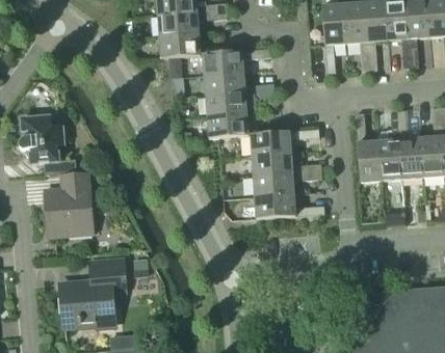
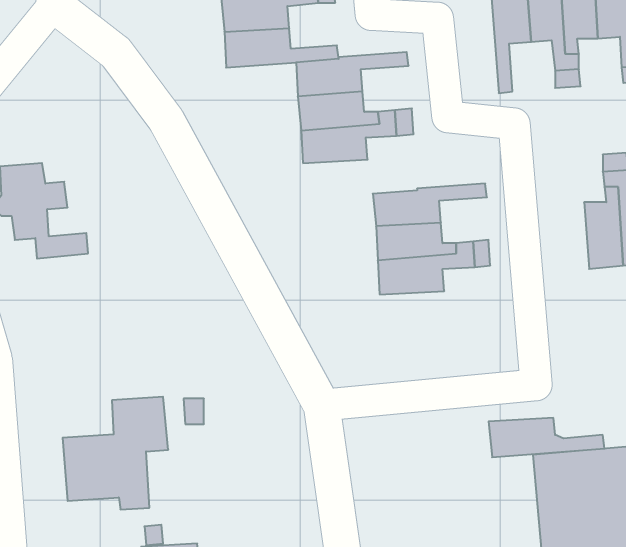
building: [355,114,382,183] -> none
building: [207,115,277,139] -> none
building: [45,173,91,237] -> none
building: [254,195,324,219] -> [489,418,605,457]

